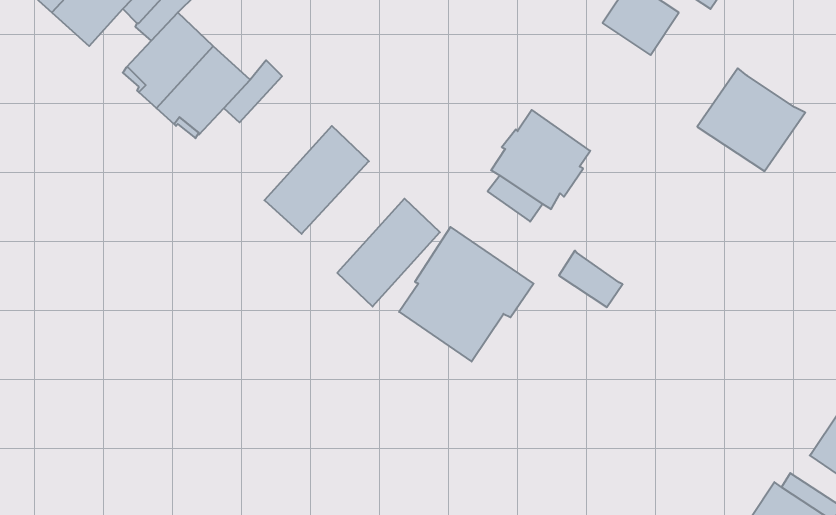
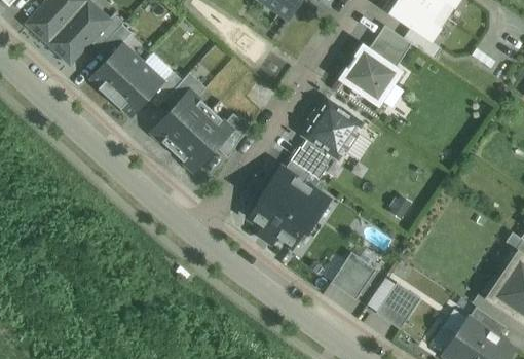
building: [697,68,805,171] -> [339,45,402,105]
building: [337,199,440,307] -> [151,89,211,152]
building: [559,251,623,307] -> [291,146,328,179]
building: none -> [331,252,376,299]
building: none -> [375,282,418,329]

